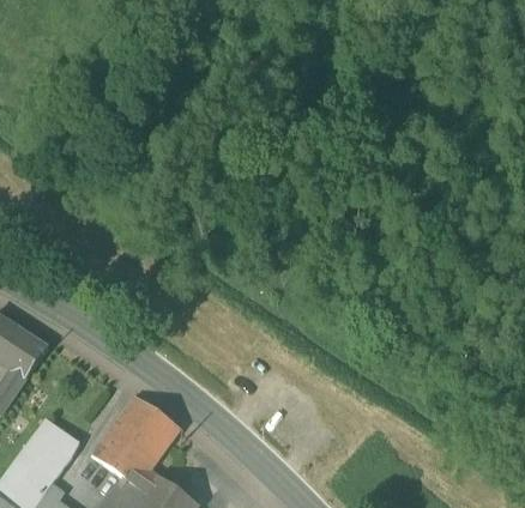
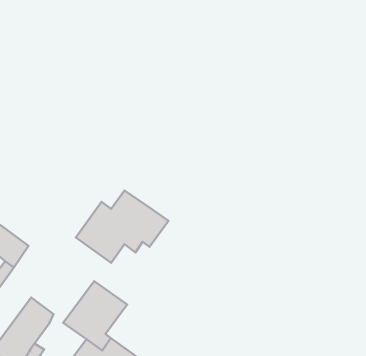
building: none -> [76,190,169,263]

